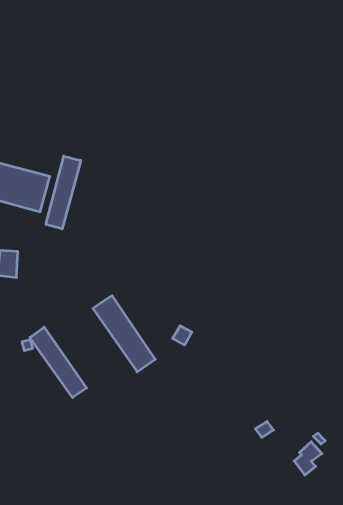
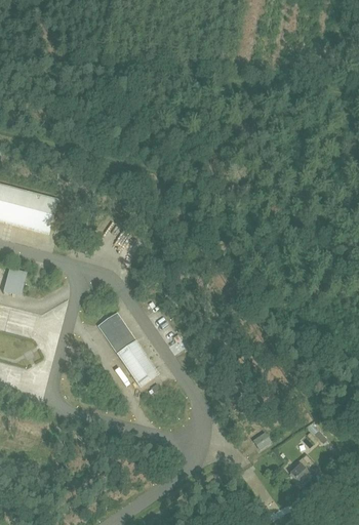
building: [46,156,81,229] -> none
building: [30,327,87,398] -> none

